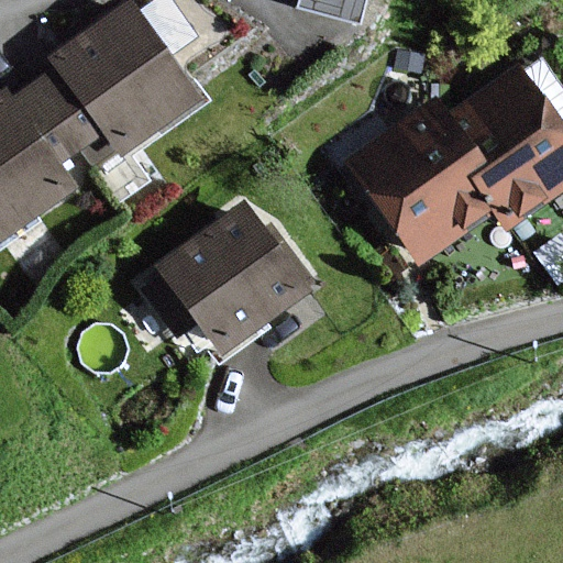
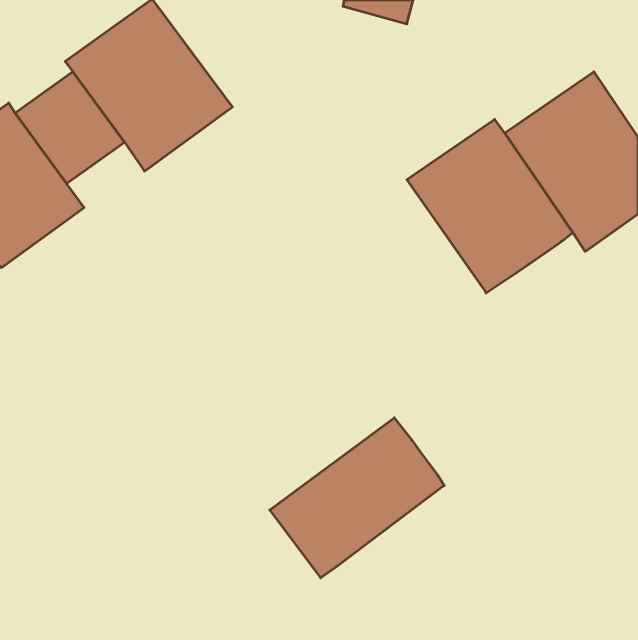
building: [145,200,313,351] -> none
building: none -> [270,418,444,578]

